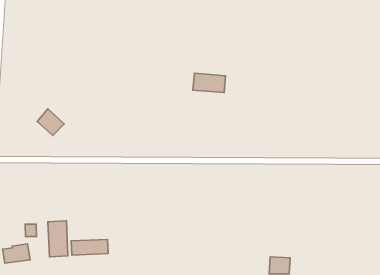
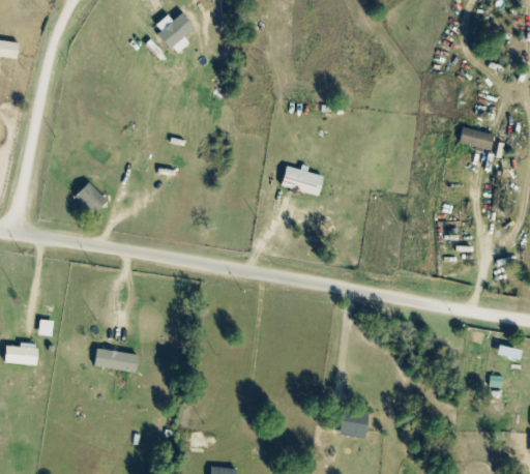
building: none -> [454,124,491,148]
building: [48,221,68,257] -> none

